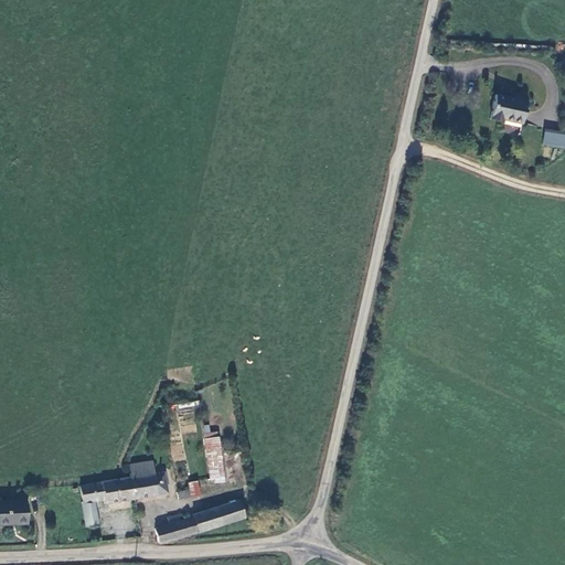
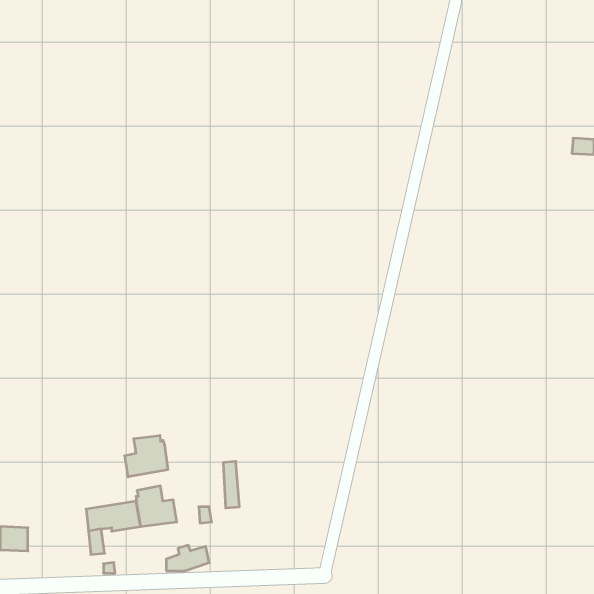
building: [491,93,527,121] -> none
building: none -> [125,435,168,477]
building: [194,501,243,534] -> none

